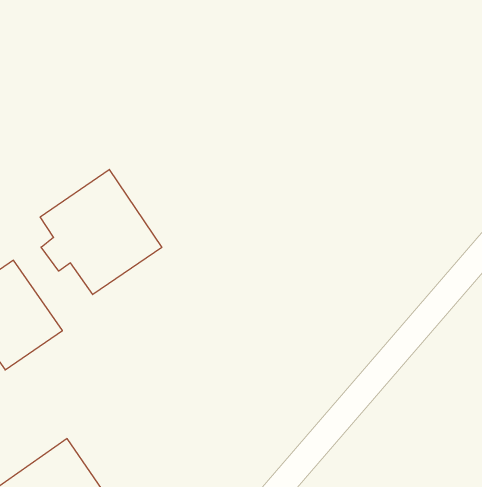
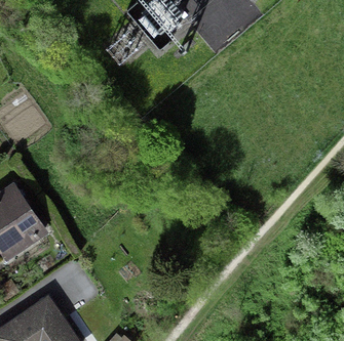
building: [40,169,162,295] -> none

